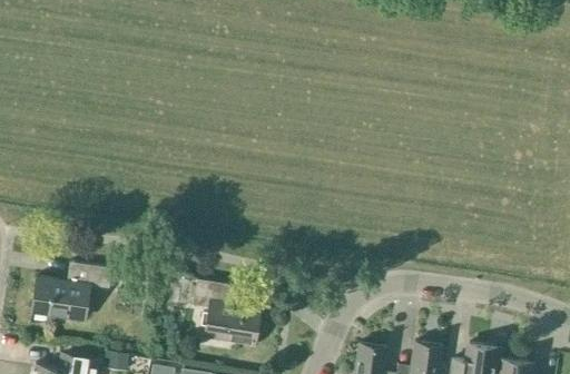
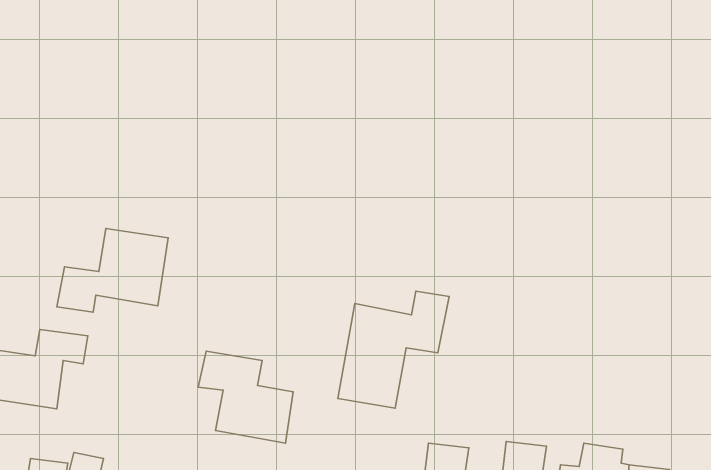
building: none -> [57,228,168,312]
building: none -> [338,291,449,408]

